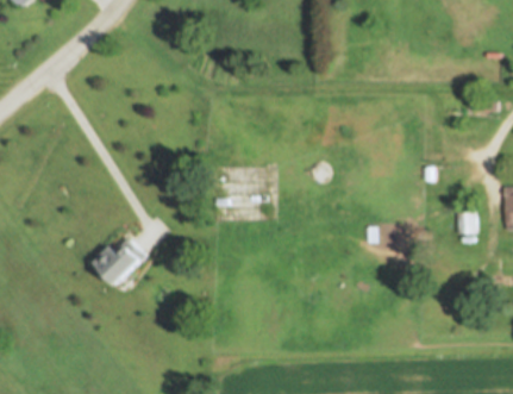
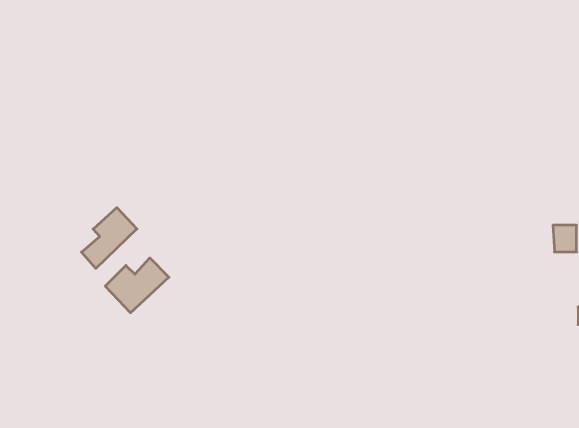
building: none -> [81,208,137,268]

